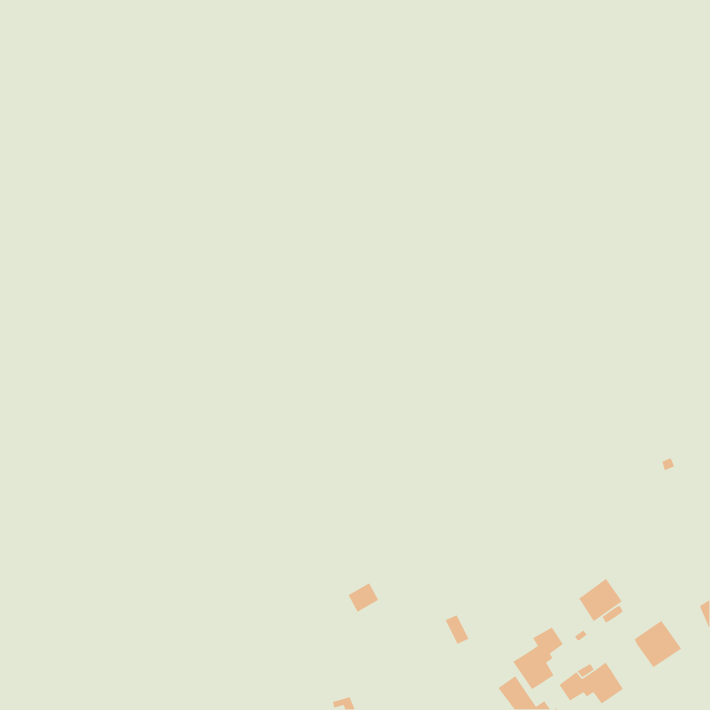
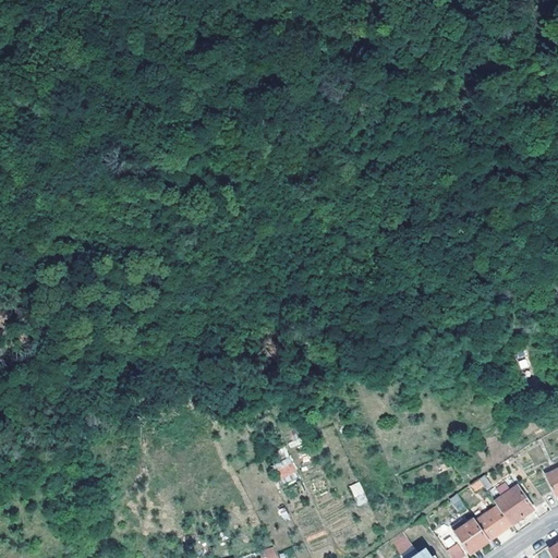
building: [578,578,623,622] -> [477,506,512,541]
building: [512,626,564,690] -> none

